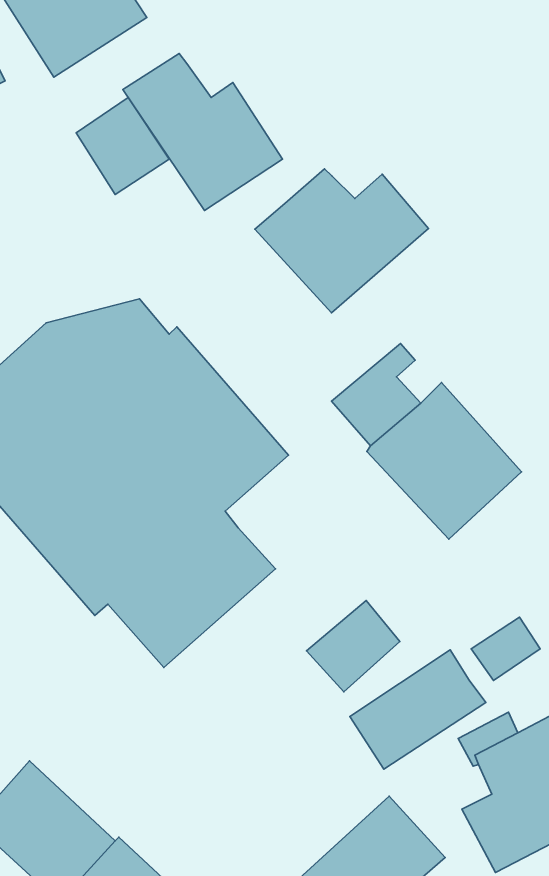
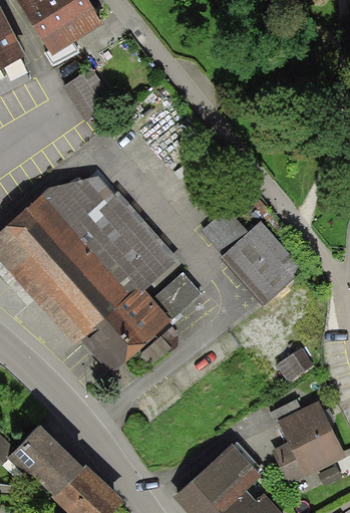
building: [123,53,283,210] -> none
building: [255,169,429,313] -> none
building: [307,600,400,692] -> [150,271,201,320]
building: [350,650,486,769] -> none

